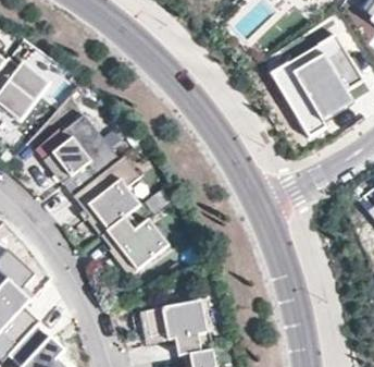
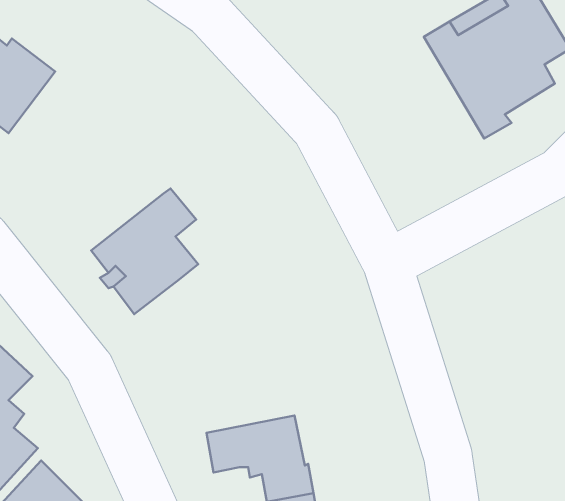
building: [41,114,117,196] -> none
building: [99,215,167,277] -> none

